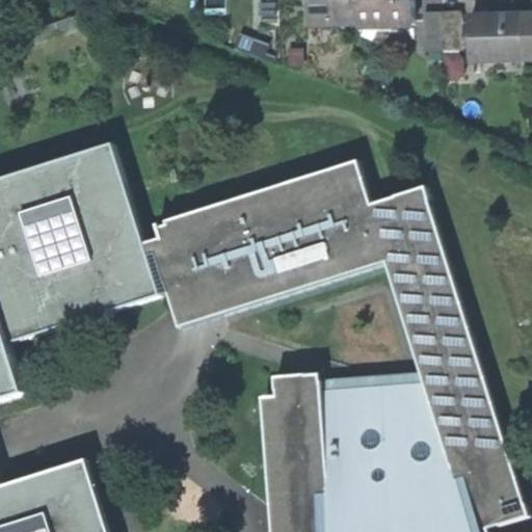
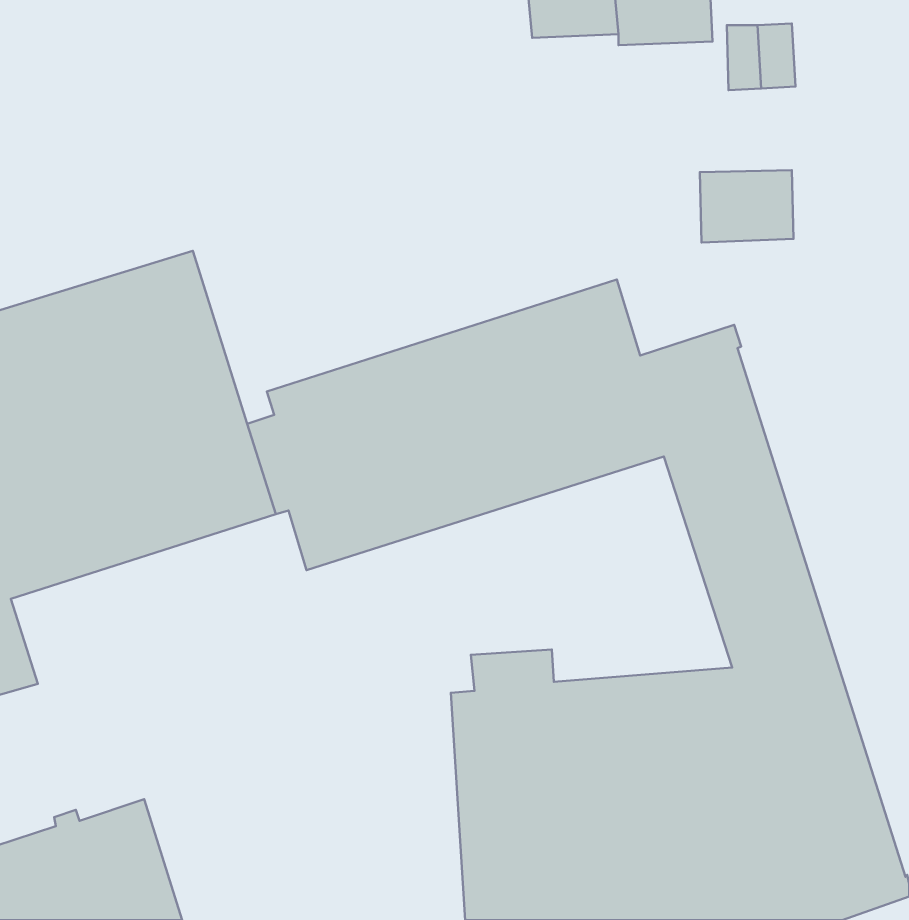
building: [466,17,520,58] -> [700,170,794,242]

